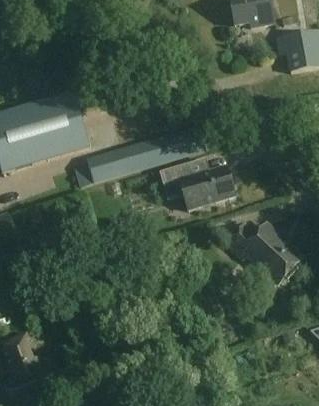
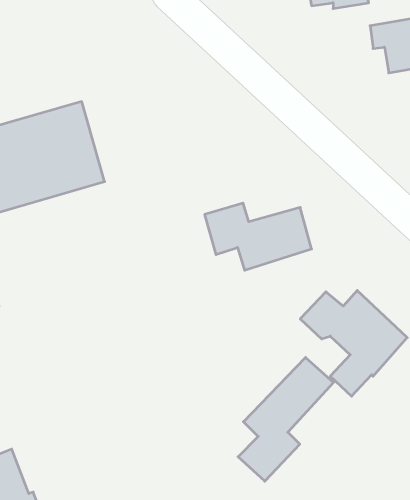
building: [73,125,215,186] -> none
building: none -> [238,357,334,481]

